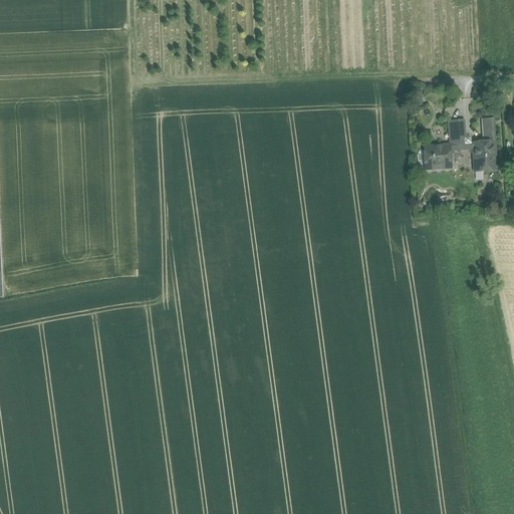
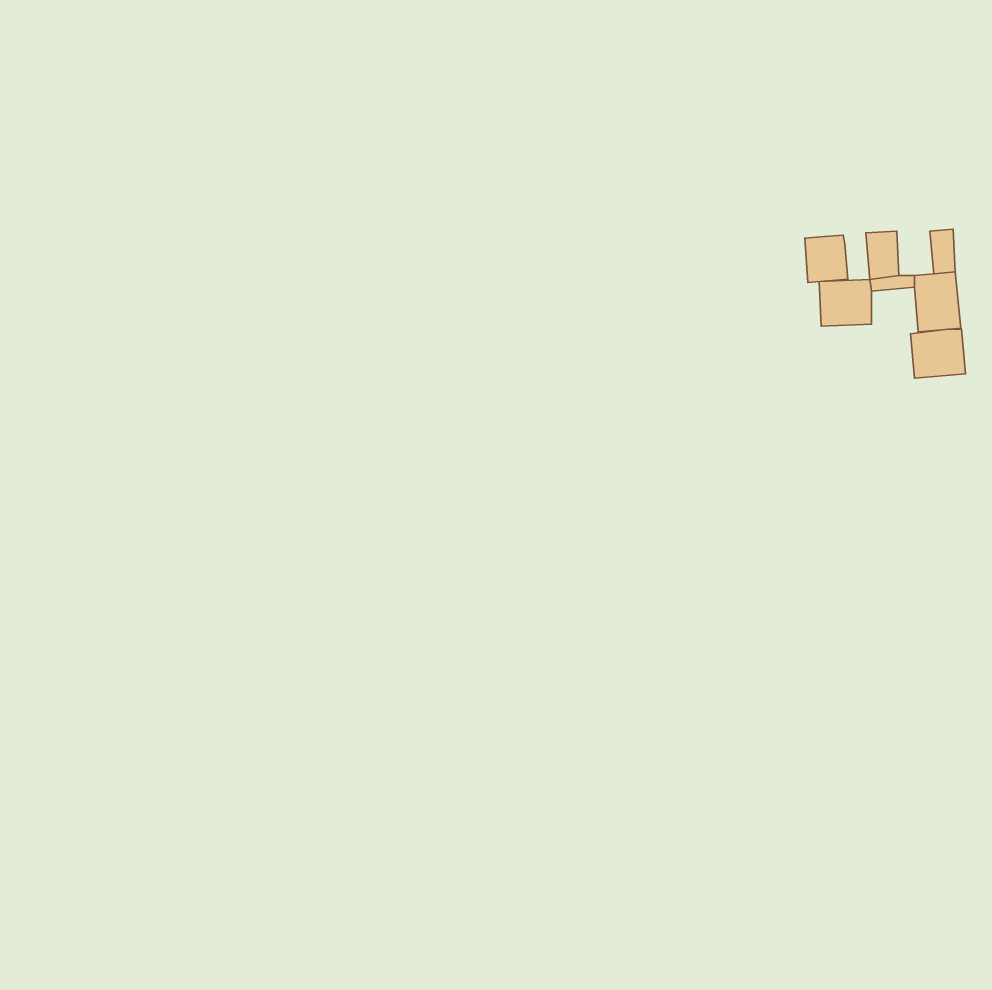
building: none -> [805,235,848,282]
building: none -> [911,329,966,378]

